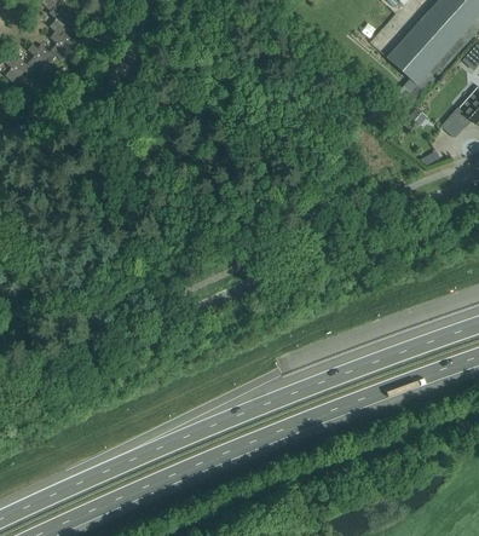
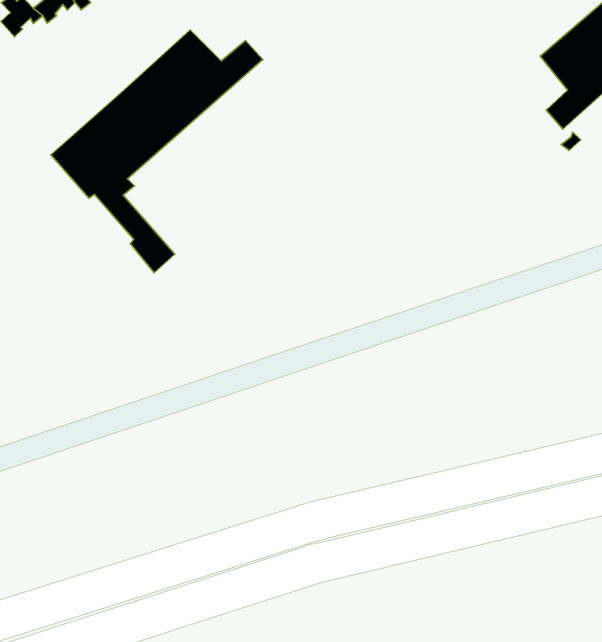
building: none -> [51,30,263,273]

